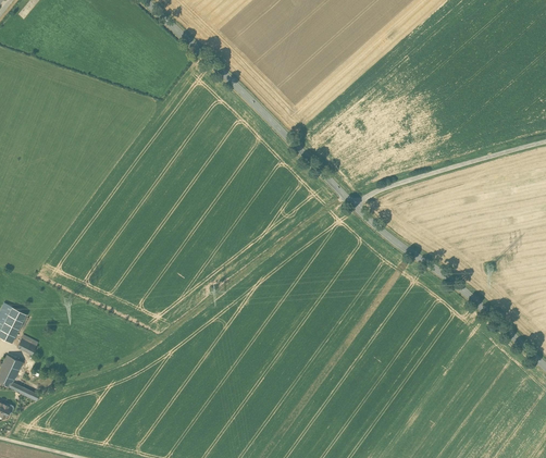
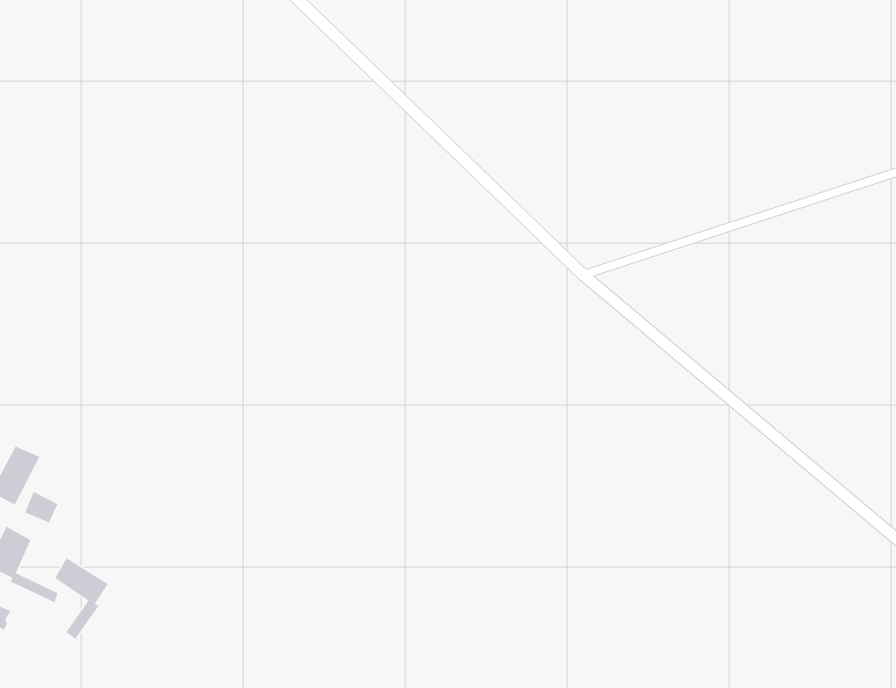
building: none -> [54,557,109,640]

